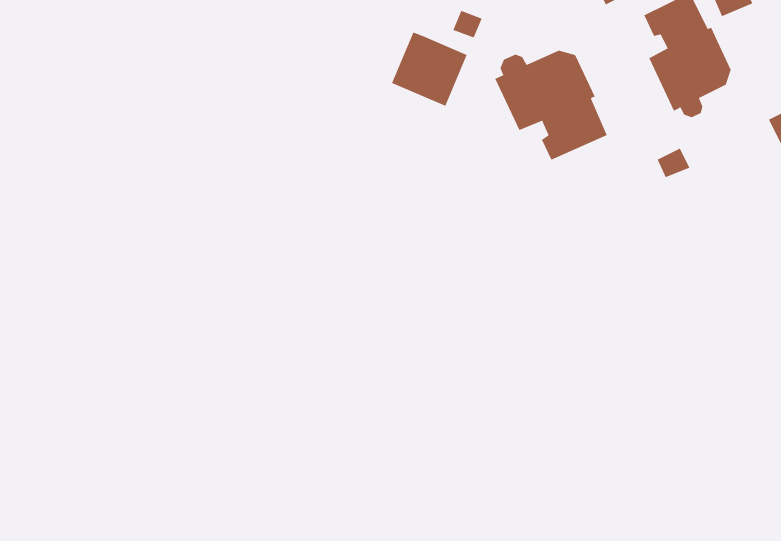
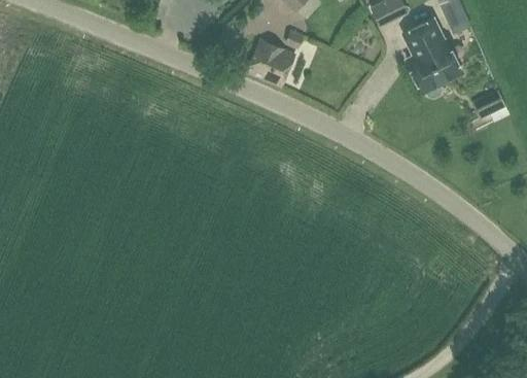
building: [495,50,608,161] -> none

